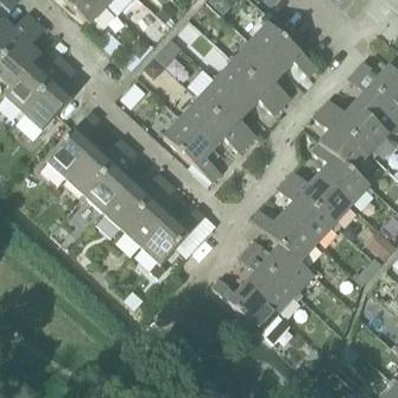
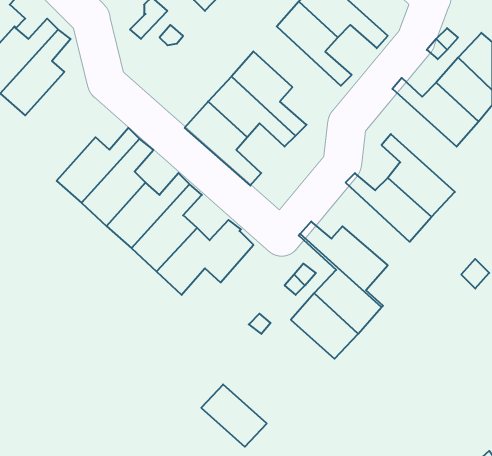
building: [215,61,282,114] -> none
building: [312,108,369,187] -> none
building: [46,110,100,178] -> none
building: [277,179,334,242] -> none
building: [227,284,277,331] -> [201,384,267,447]

